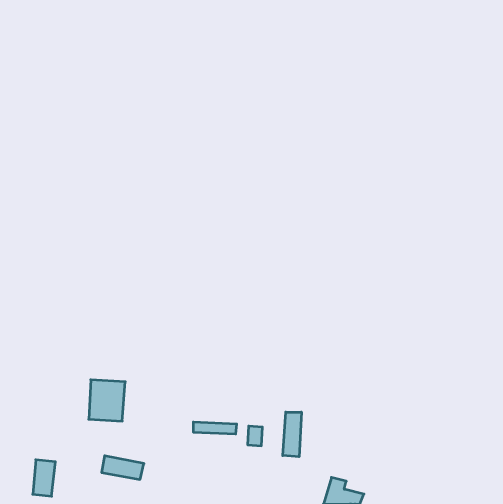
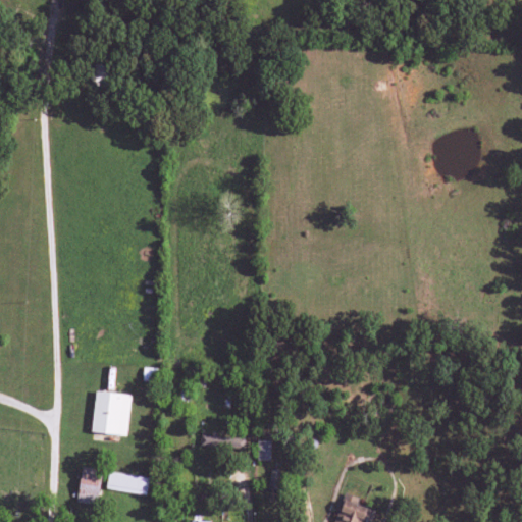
building: [283,412,301,457] -> none
building: [33,460,55,496] -> [79,467,102,505]

